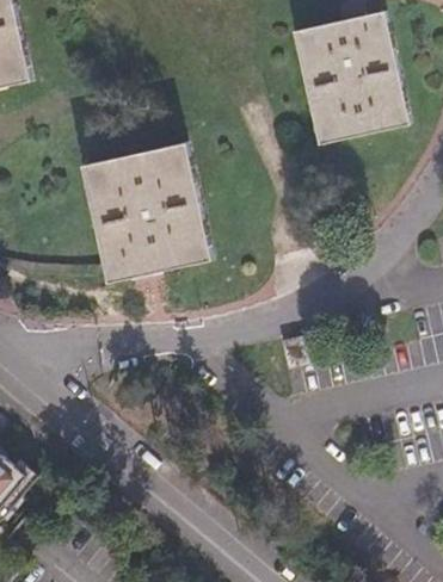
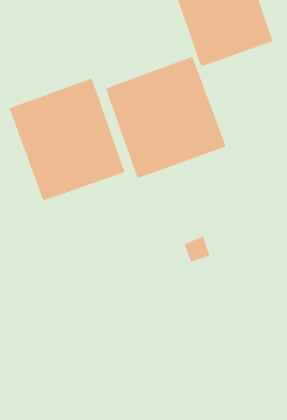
building: none -> [105,56,227,179]

